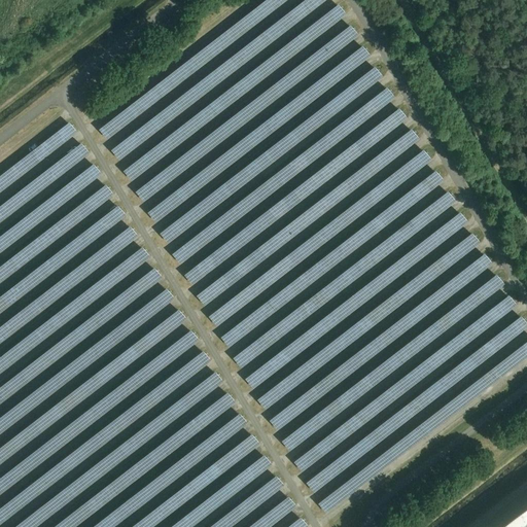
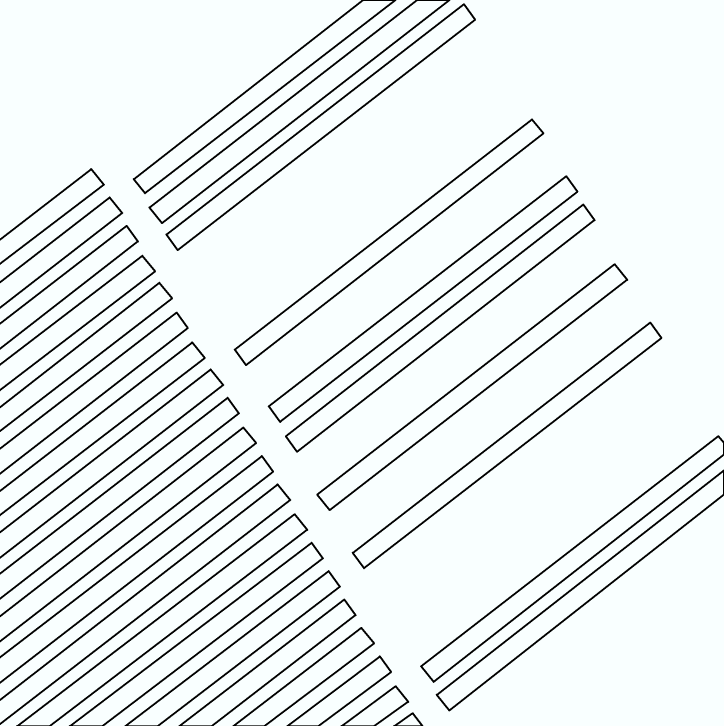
building: [133,24,357,202] -> none
building: [146,45,371,223] -> none
building: [157,66,382,244] -> none
building: [181,108,406,286] -> none
building: [218,171,443,349] -> none
building: [243,212,467,391] -> none
building: [268,254,492,432] -> none
building: [280,273,504,452] -> none
building: [291,295,516,473] -> none

